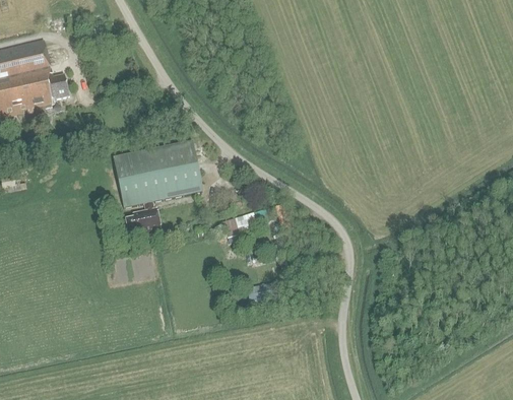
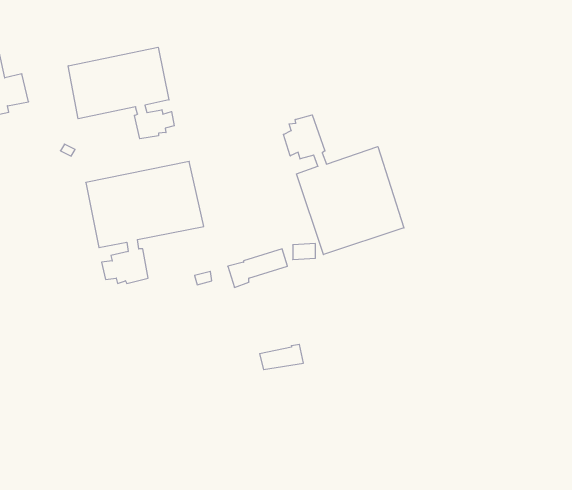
building: none -> [68,47,174,139]
building: none -> [283,115,404,255]

